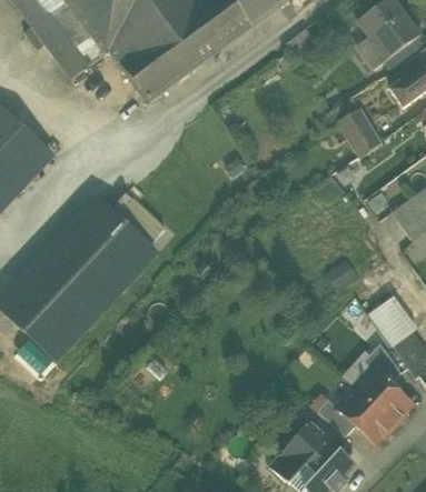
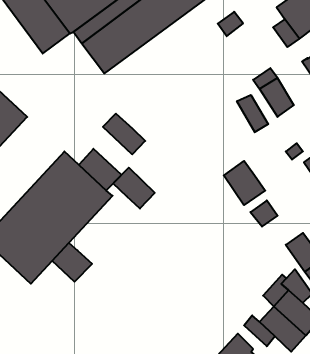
building: none -> [237,95,268,132]
building: none -> [103,114,145,154]
building: none -> [224,161,265,205]
building: none -> [113,168,155,209]
building: none -> [52,243,92,282]

